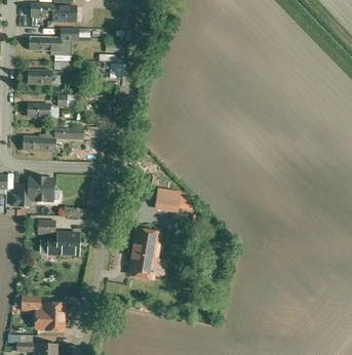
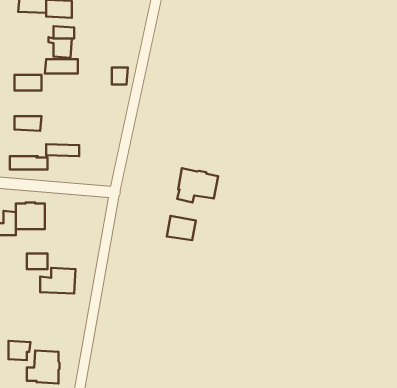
building: [29,37,60,54] -> none
building: none -> [177,168,218,202]
building: [127,228,159,279] -> none

